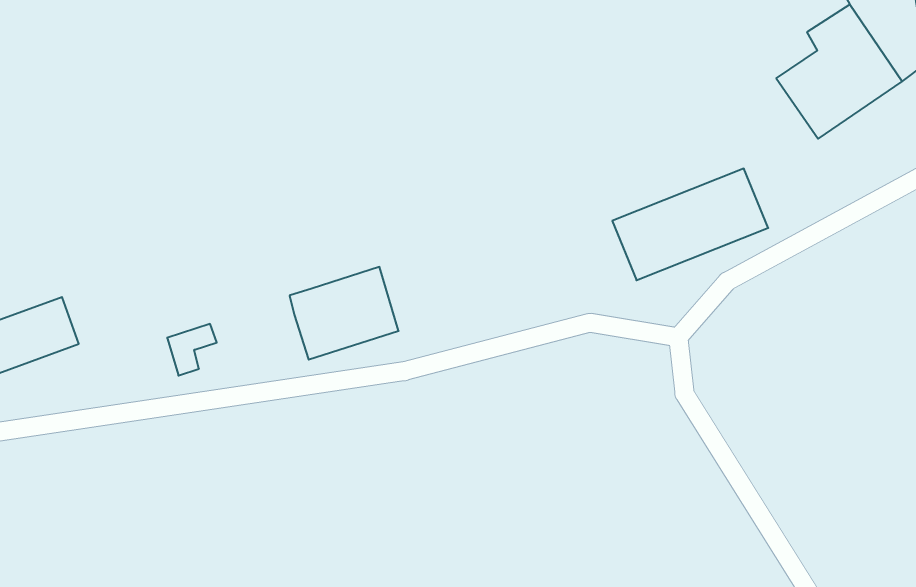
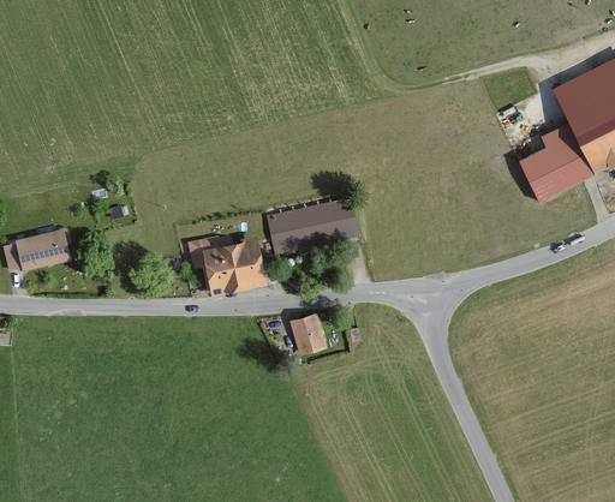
building: [612,169,768,280] -> [265,197,360,256]
building: [167,324,217,376] -> [187,235,217,264]
building: none -> [289,313,326,354]

